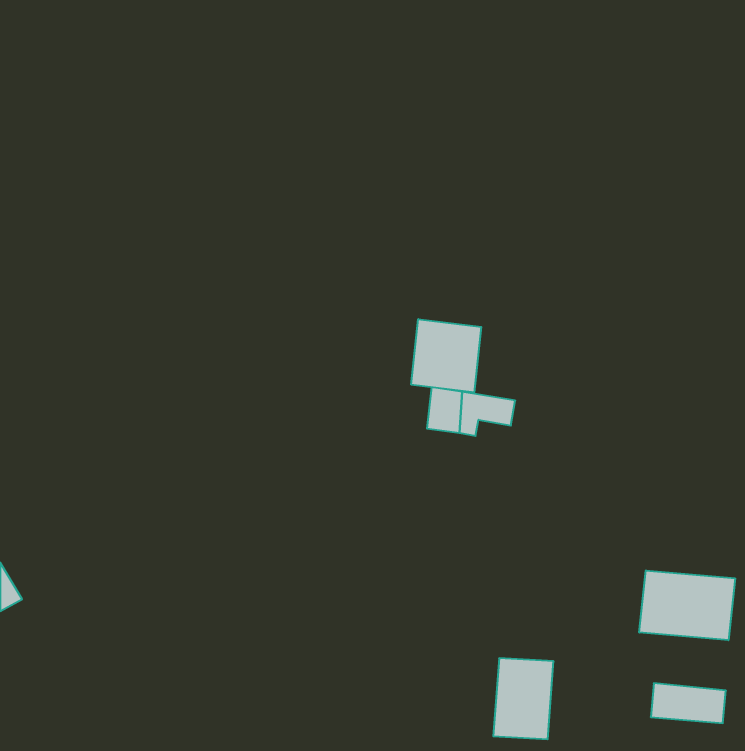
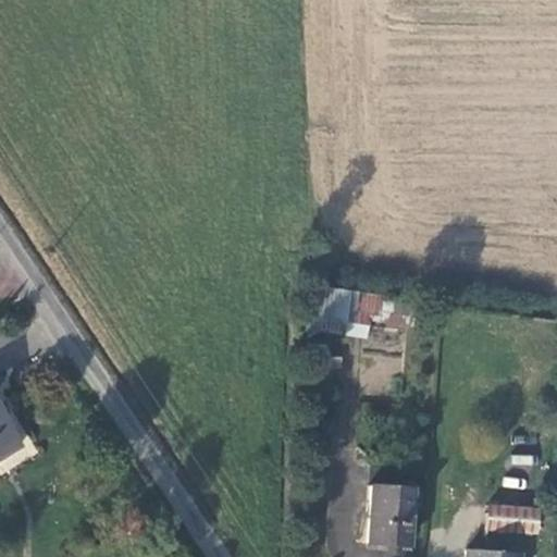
building: [411,319,481,393] -> none
building: [639,570,735,640] -> none

